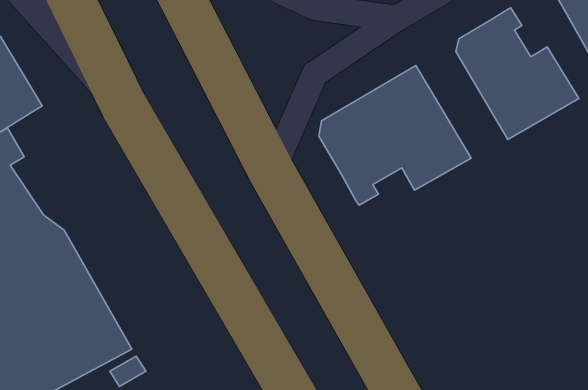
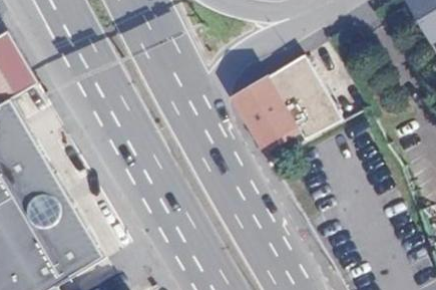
building: [456,8,579,140] -> none

